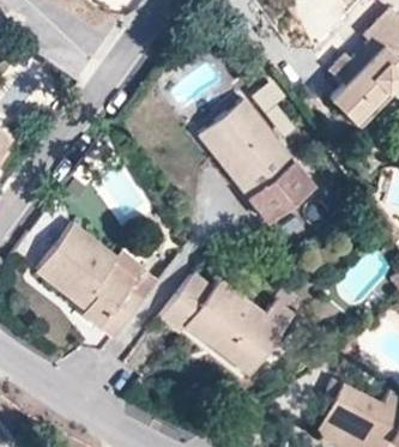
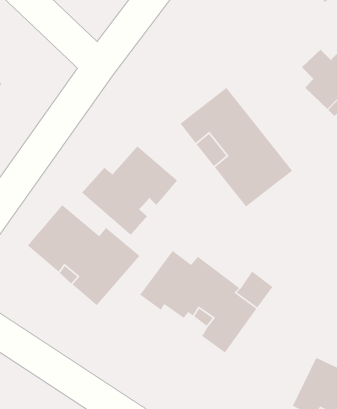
building: none -> [81,145,178,236]

